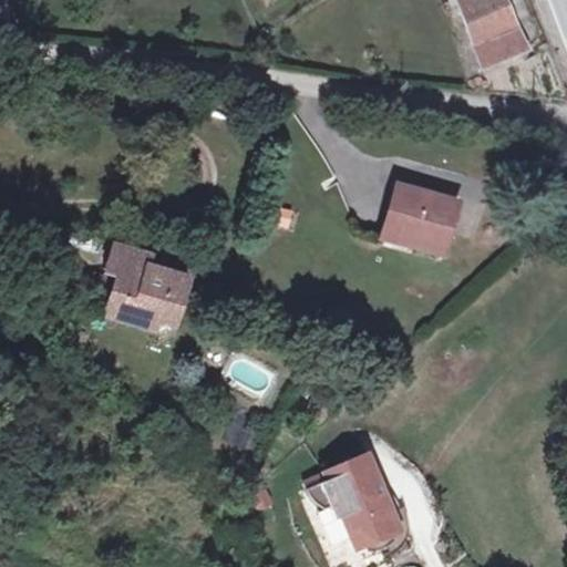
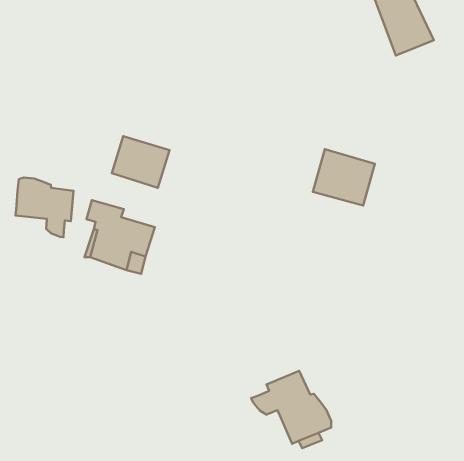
building: none -> [112,136,170,188]
building: none -> [15,178,73,237]

